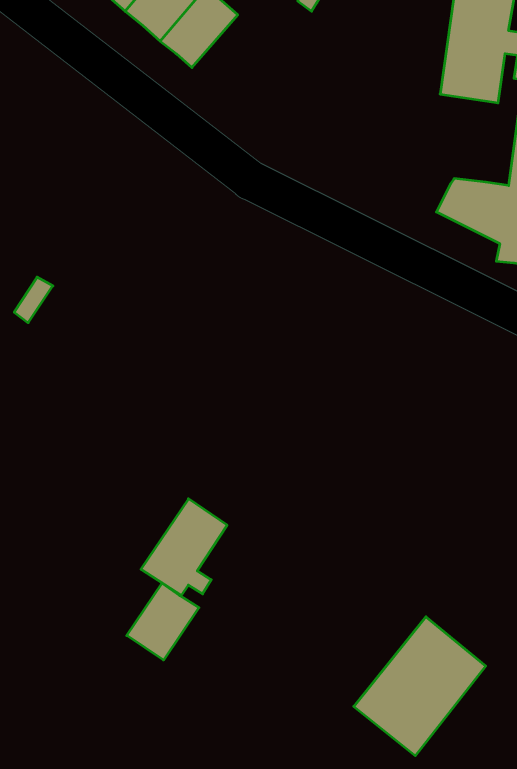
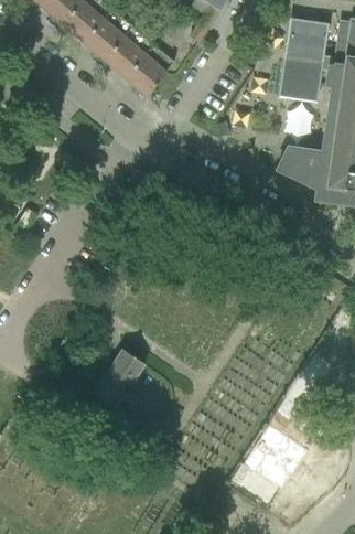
building: none -> [123,45,174,97]
building: [127,583,199,660] -> none

